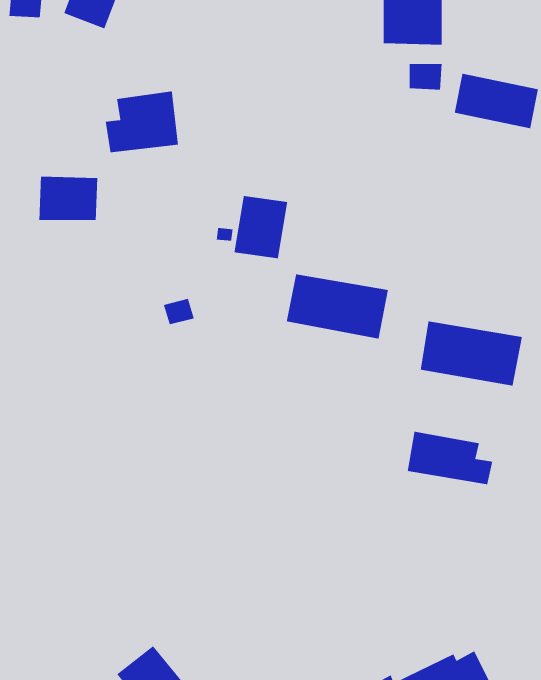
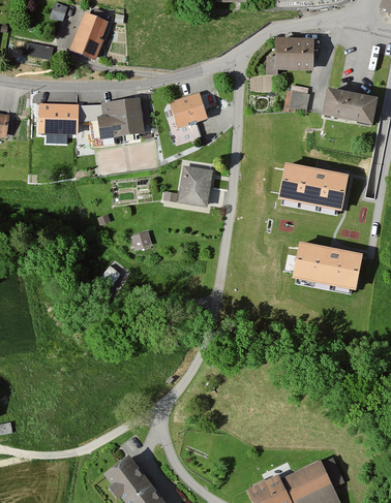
building: none -> [169,94,205,125]
building: [39,176,98,221] -> [42,101,81,130]
building: [286,274,389,339] -> [283,167,350,210]
building: [407,431,493,485] -> none

